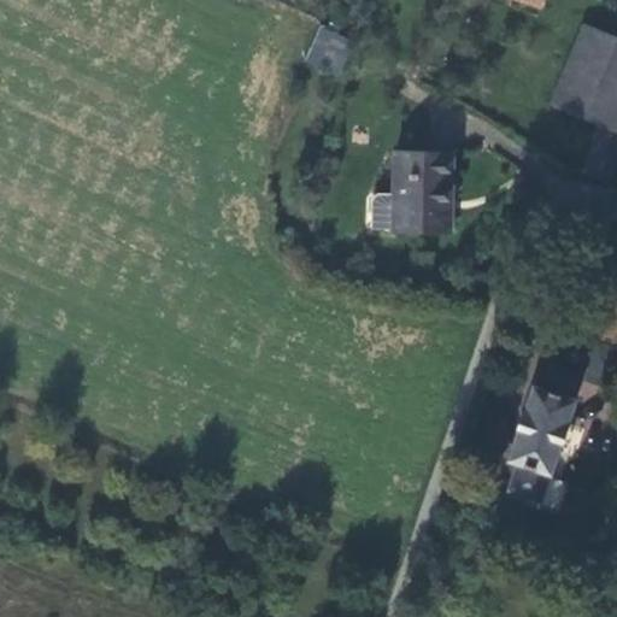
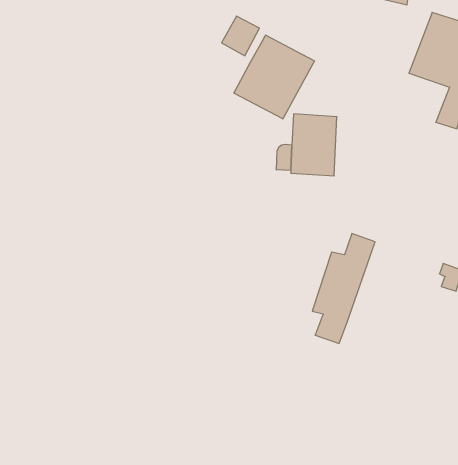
building: none -> [234,35,315,119]
building: [503,360,584,504] -> [312,234,375,343]

